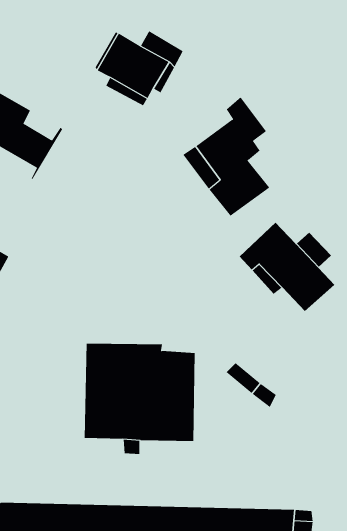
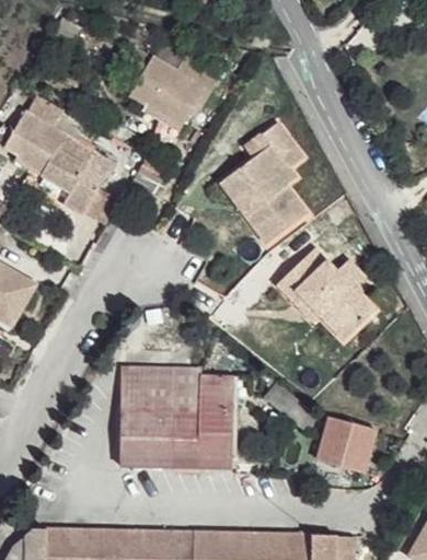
building: none -> [68,152,117,212]
building: none -> [318,419,376,472]

